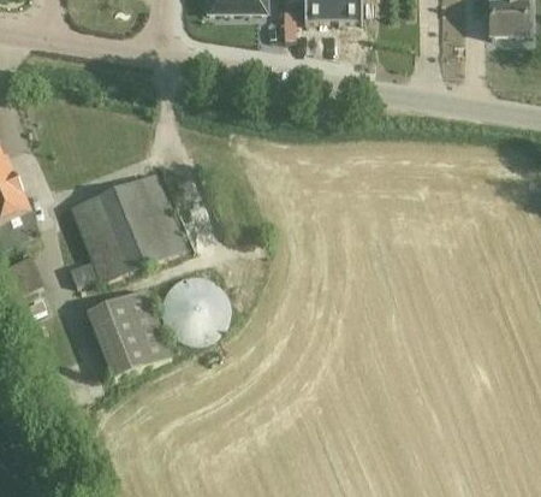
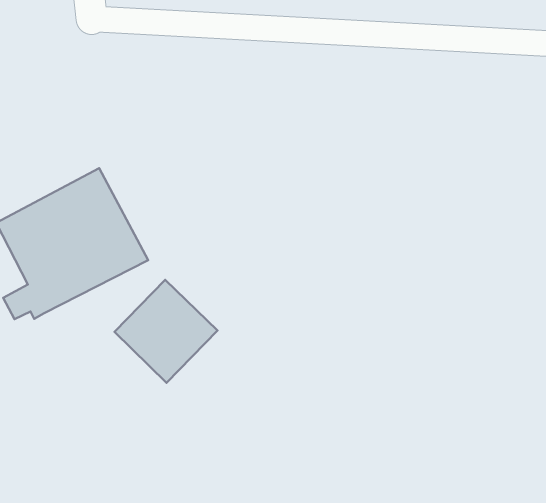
building: [84,288,171,379] -> none

